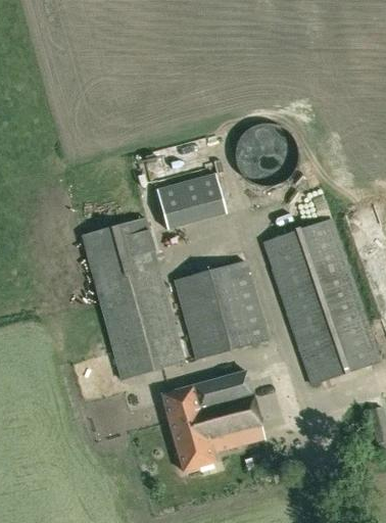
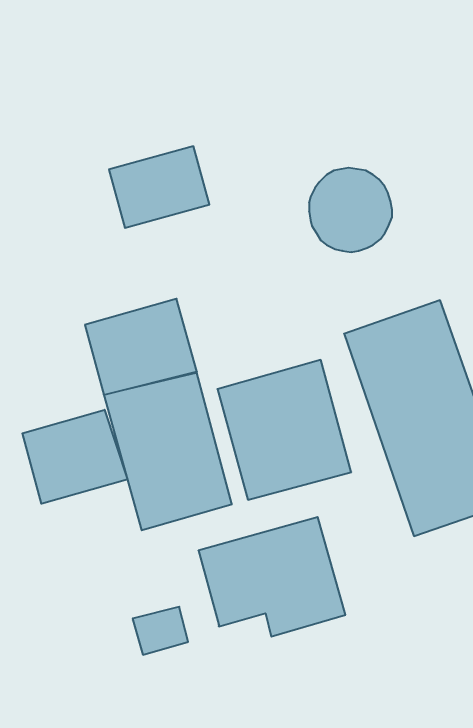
building: [155,173,226,230] -> [109,146,209,228]
building: none -> [22,410,128,504]
building: [175,437,213,471] -> [133,607,188,655]

